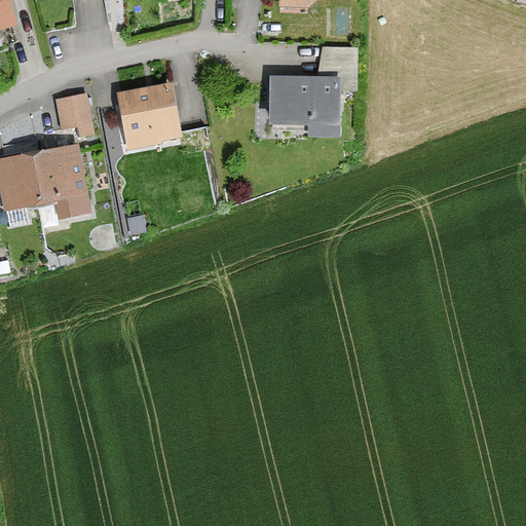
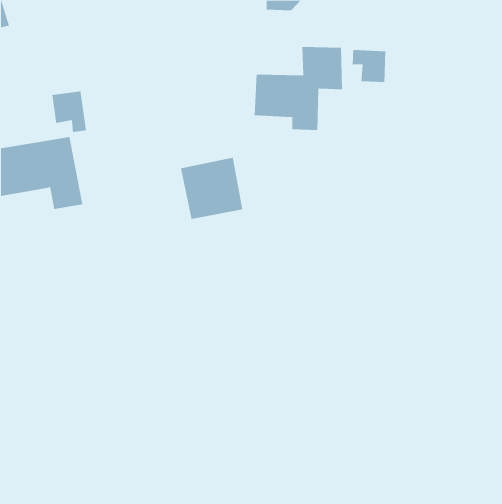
building: none -> [352,49,386,83]
building: [115,83,181,148] -> [180,157,243,220]

